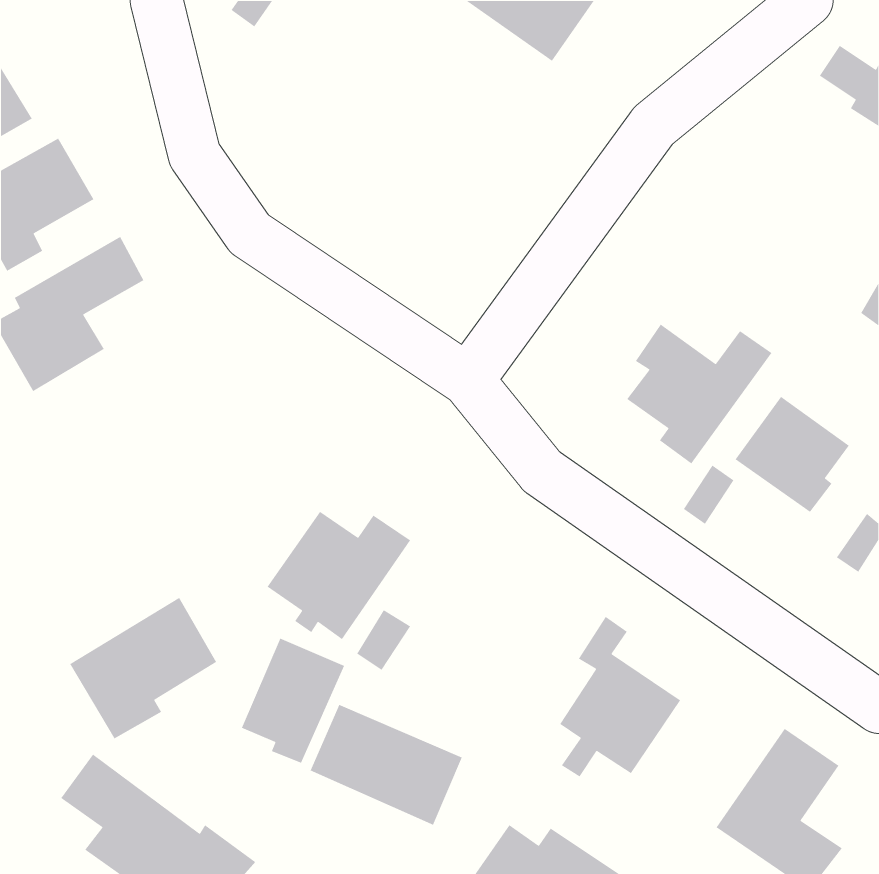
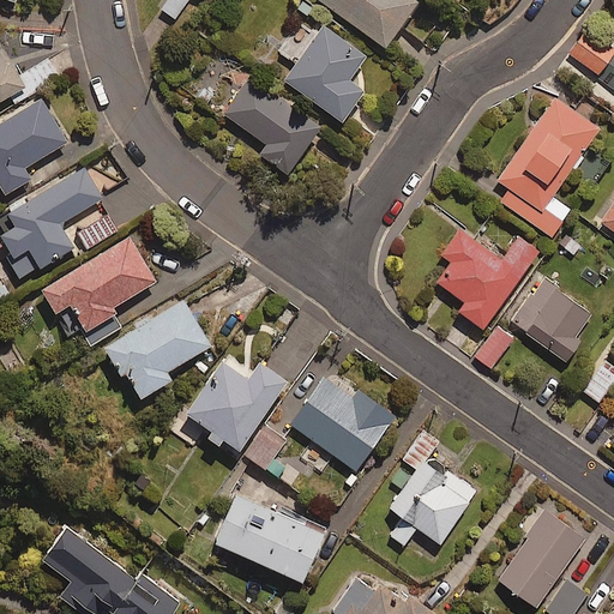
building: none -> [282,26,366,121]
building: none -> [223,79,319,169]
building: none -> [498,98,598,237]
building: none -> [42,237,156,330]
building: none -> [290,379,395,471]
building: [69,597,217,740] -> [107,299,210,398]
building: [241,638,345,764] -> none

